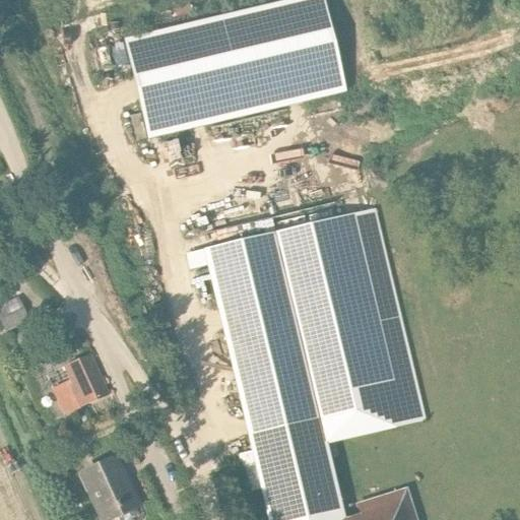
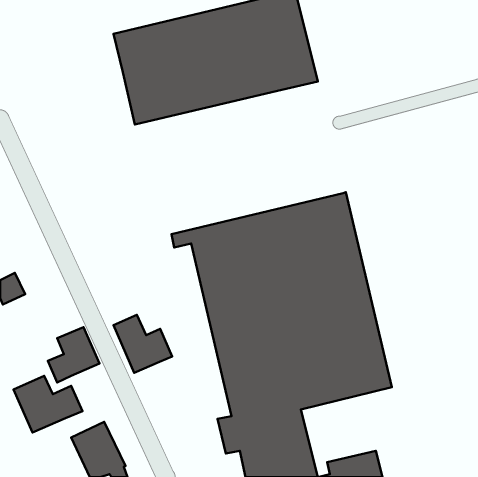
building: none -> [114,315,172,373]
building: none -> [14,376,82,433]

